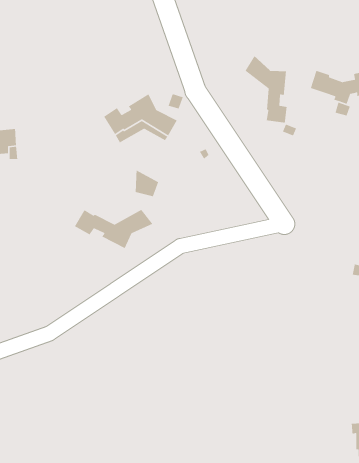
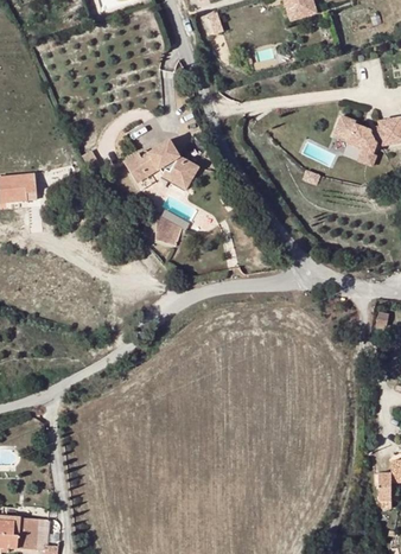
building: [245,55,288,124] -> none
building: [74,209,153,249] -> none

